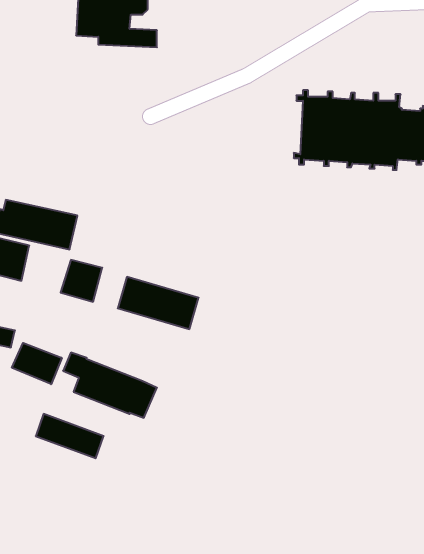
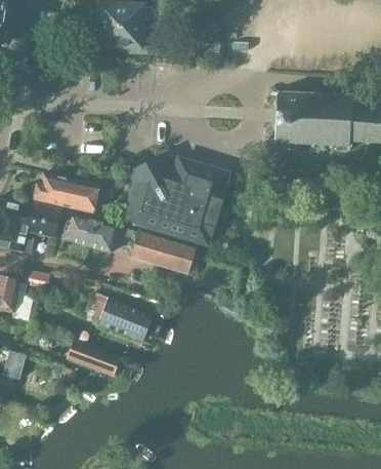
building: none -> [124,155,227,242]
building: none -> [60,212,93,245]
building: [12,343,62,384] -> none

